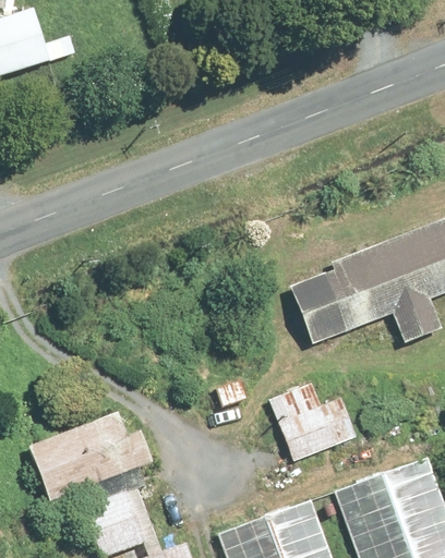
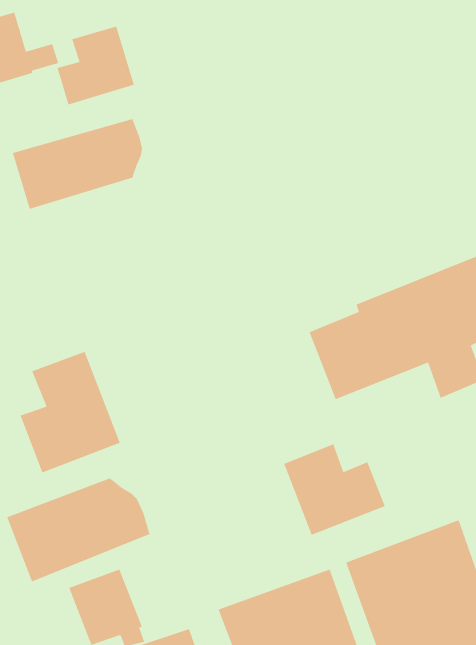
building: none -> [56,26,135,105]
building: none -> [12,118,143,210]
building: none -> [19,351,121,474]

